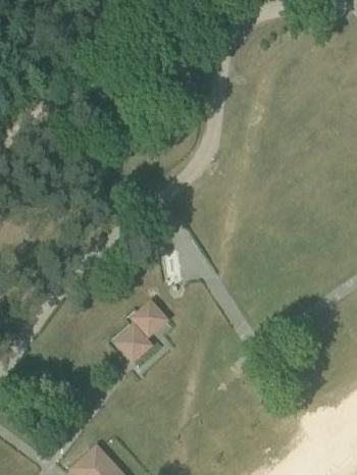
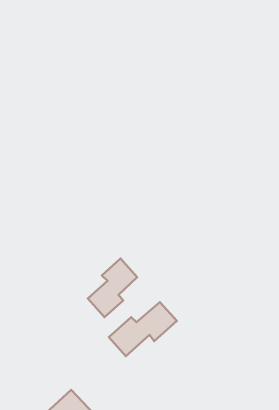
building: none -> [109,302,177,356]

